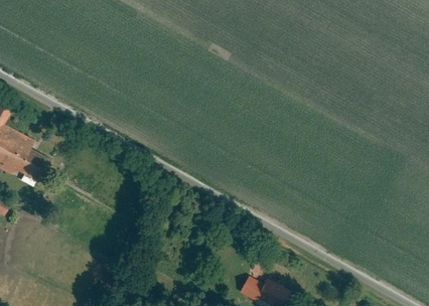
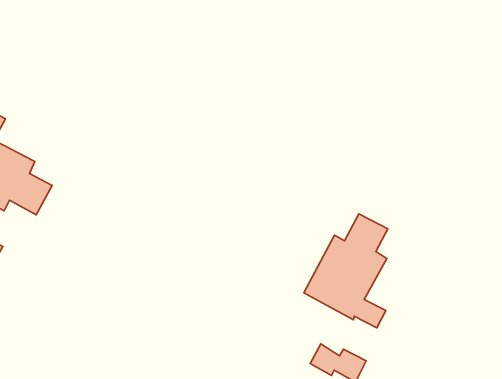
building: none -> [304,214,388,328]

